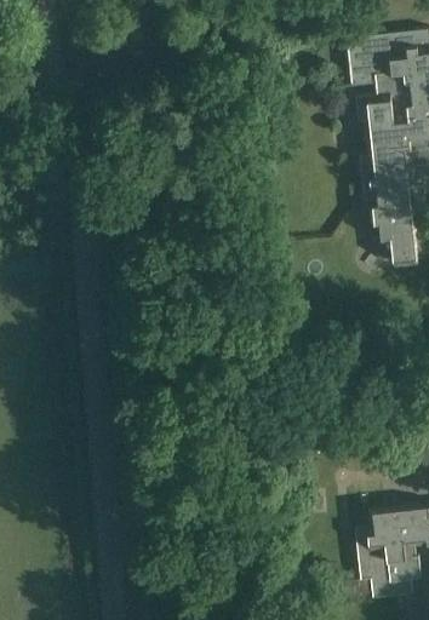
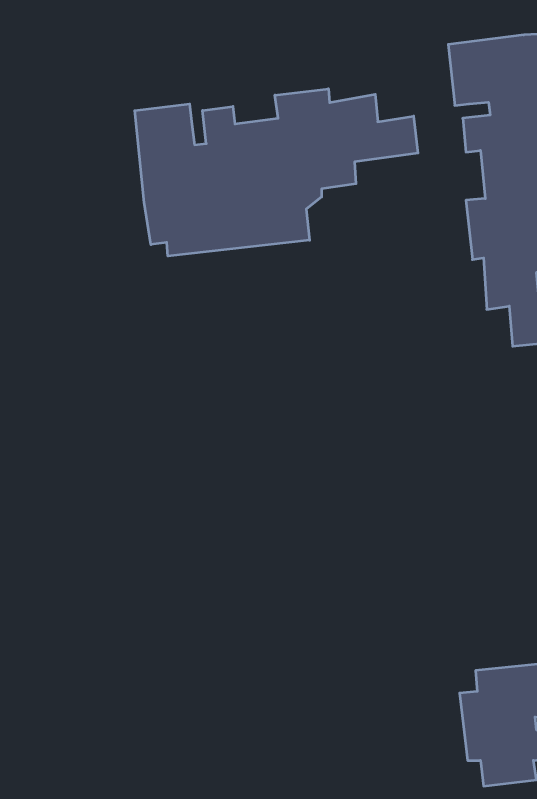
building: none -> [135,89,418,256]

